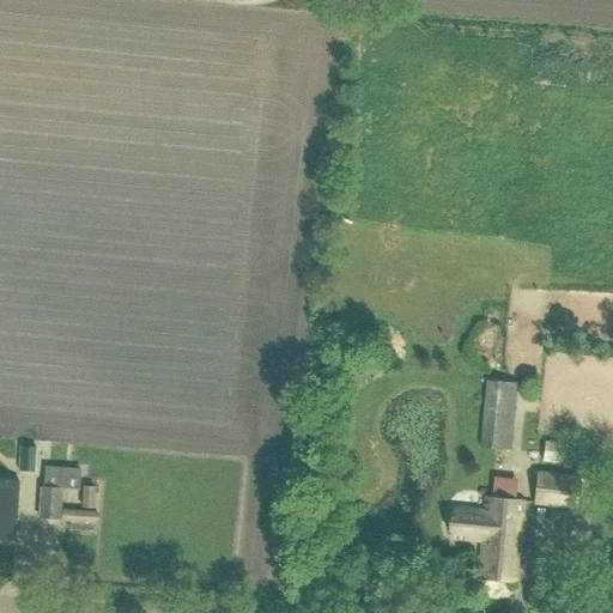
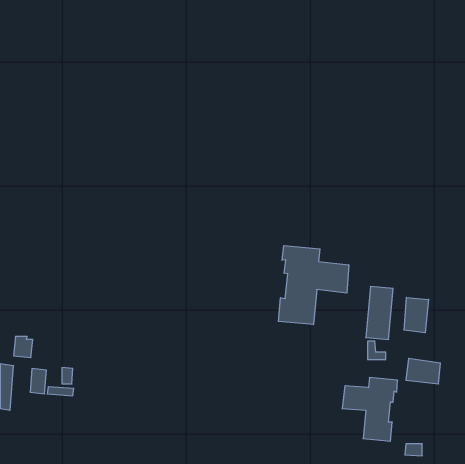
building: none -> [278,246,349,325]
building: none -> [404,297,429,333]
building: [43,465,80,487] -> none

